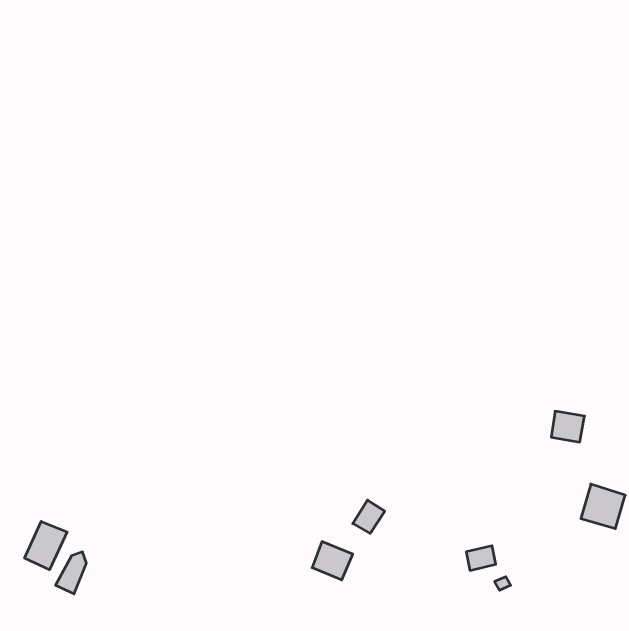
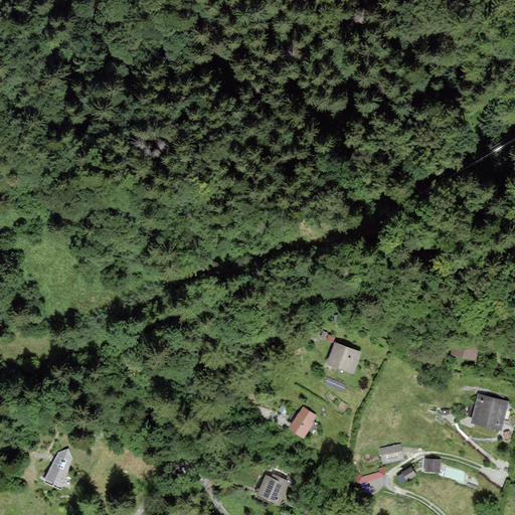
building: none -> [325,341,363,376]
building: [25,521,67,570] -> none
building: [312,542,353,580] -> [256,475,290,506]

